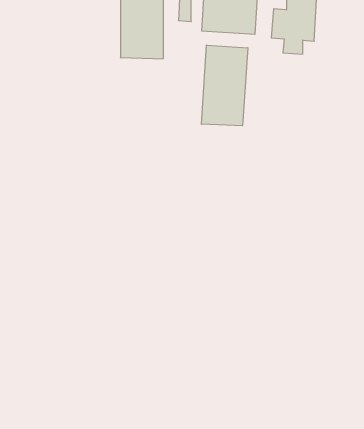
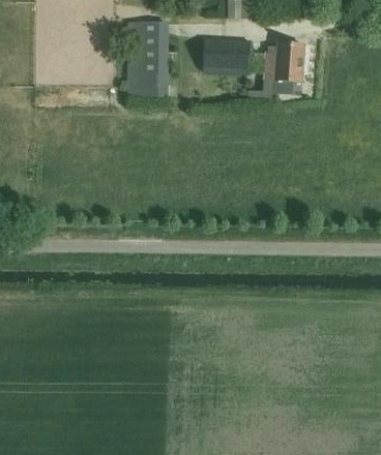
building: [201,45,248,126] -> none

